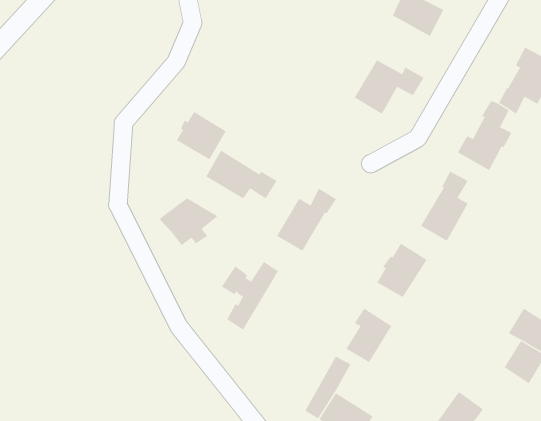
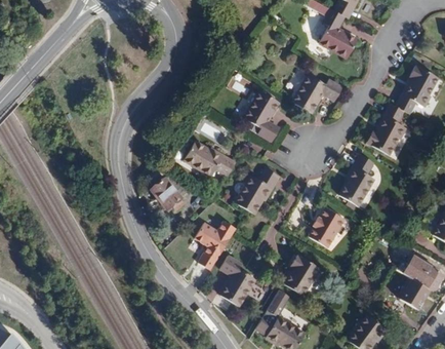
building: none -> [244,89,280,141]
building: [176,111,226,160] -> none
building: none -> [219,255,255,306]

